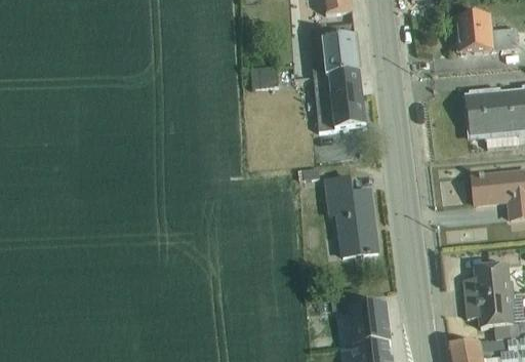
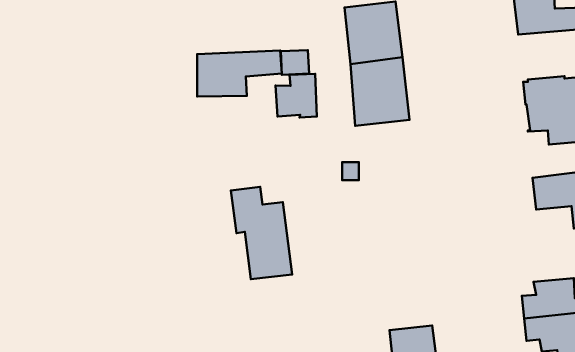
building: none -> [197,51,282,97]
building: none -> [275,74,317,118]
building: [324,175,377,255] -> [231,187,292,279]

